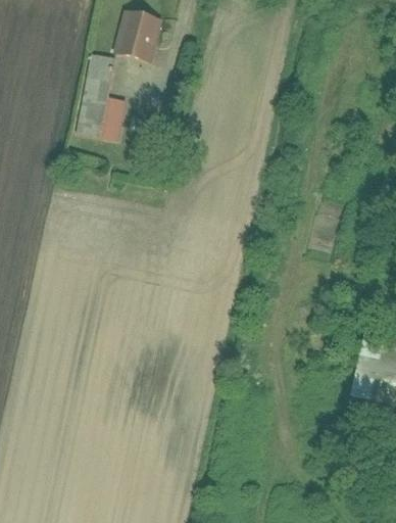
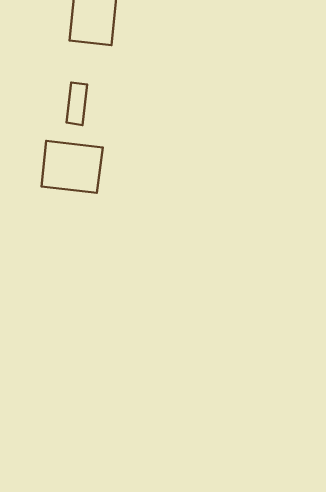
building: none -> [41,141,103,193]

